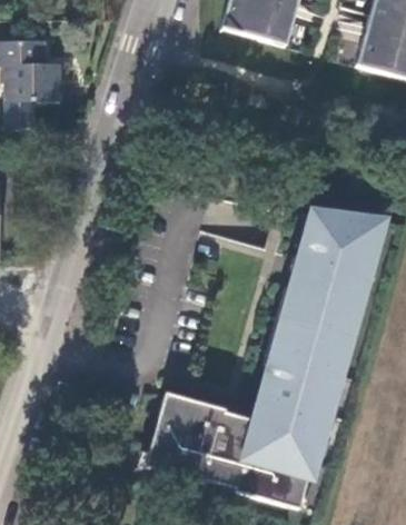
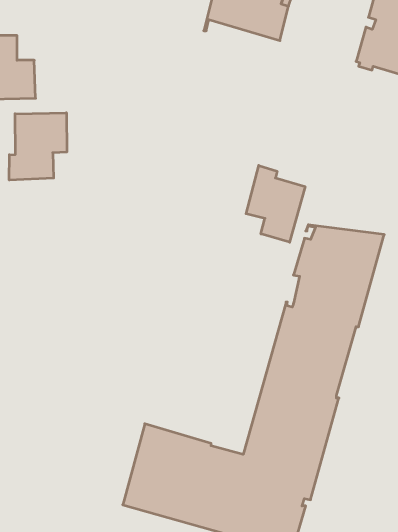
building: none -> [9,113,67,180]
building: none -> [246,165,305,242]

